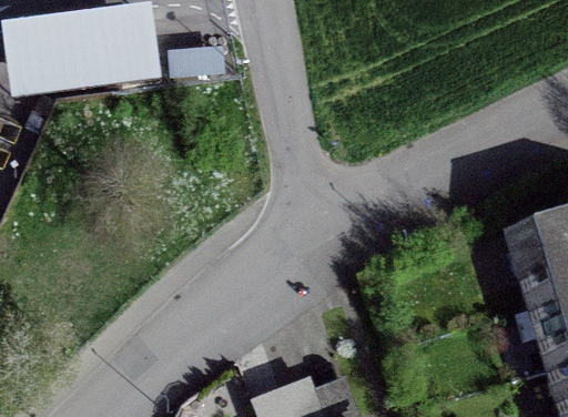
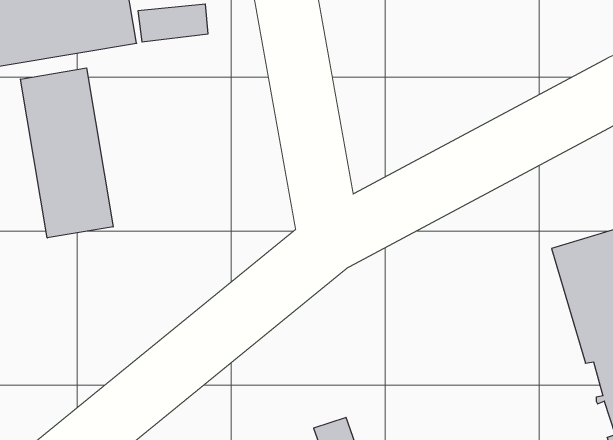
building: none -> [20,68,113,238]

